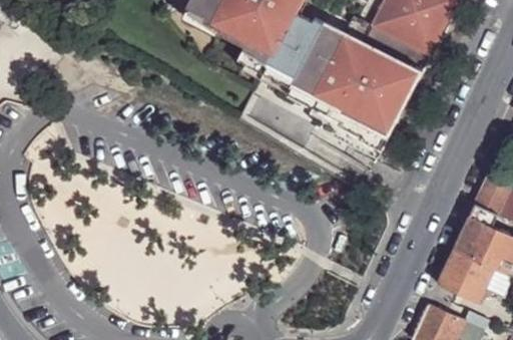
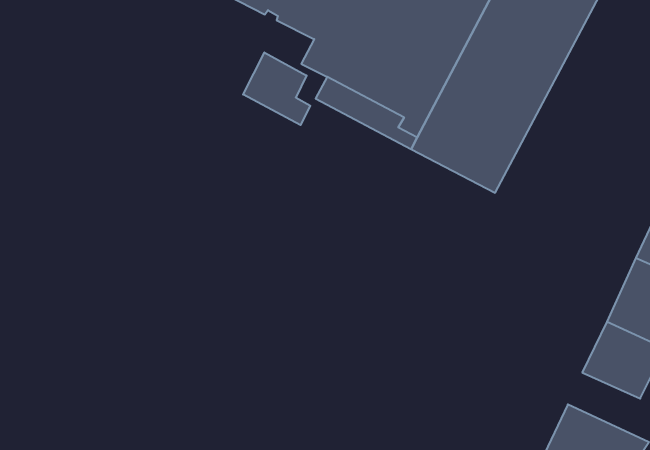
building: none -> [243,52,310,125]

